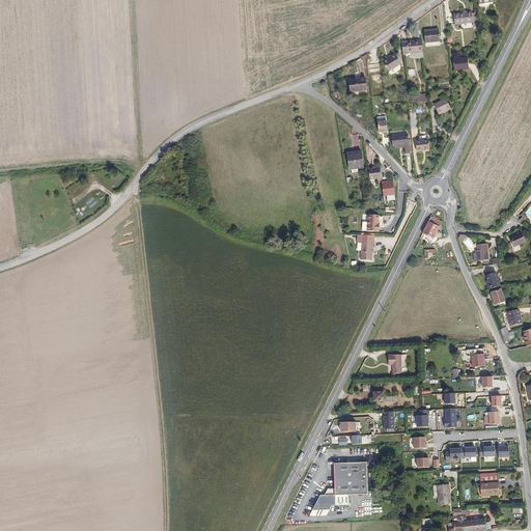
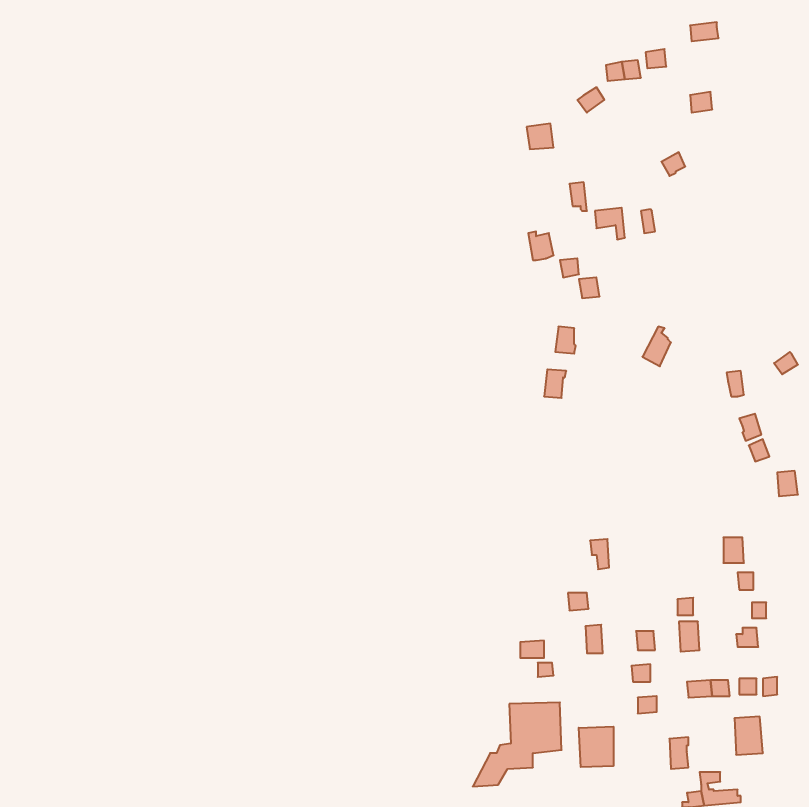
building: none -> [579,727,613,767]

